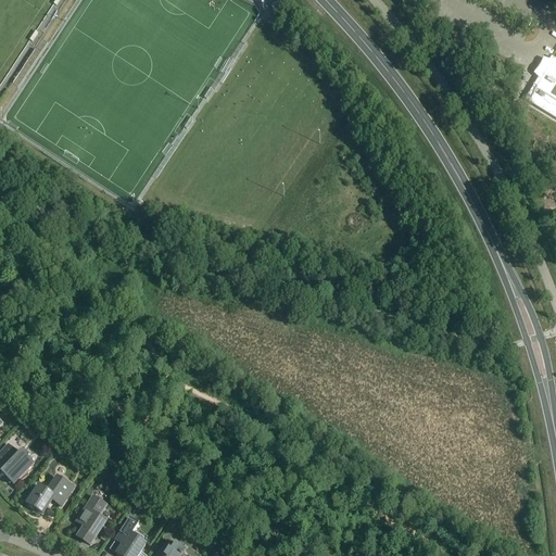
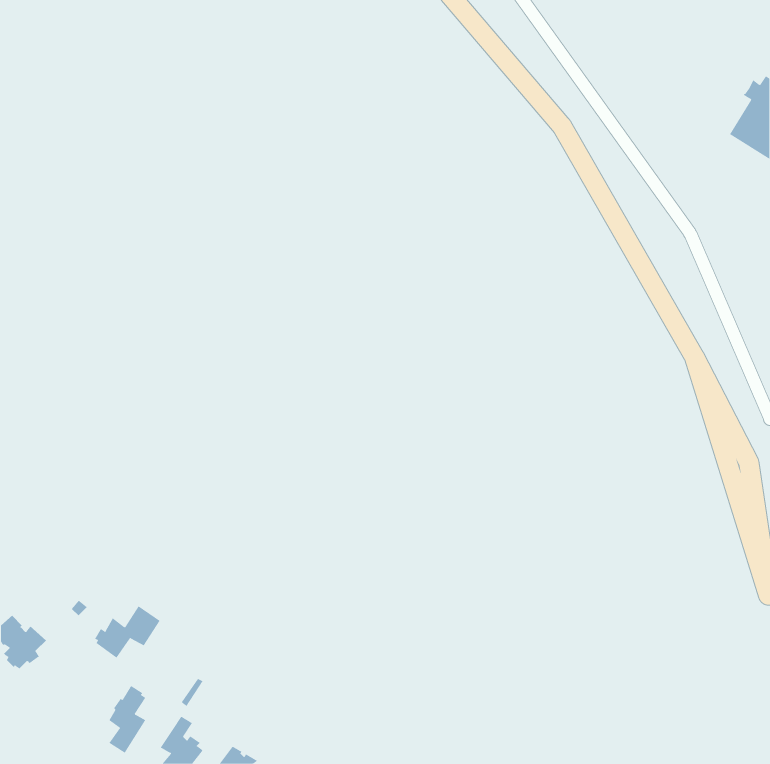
building: [26,475,74,513] -> [94,606,161,658]

